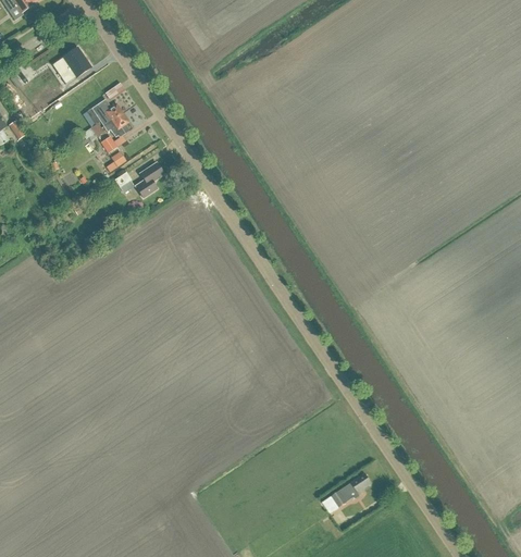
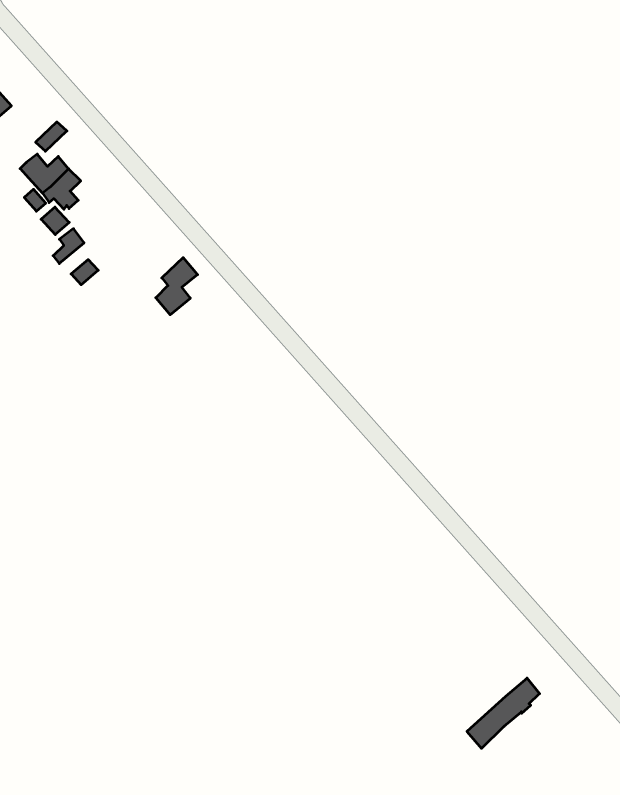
building: [135,162,163,197] -> [156,258,198,315]

